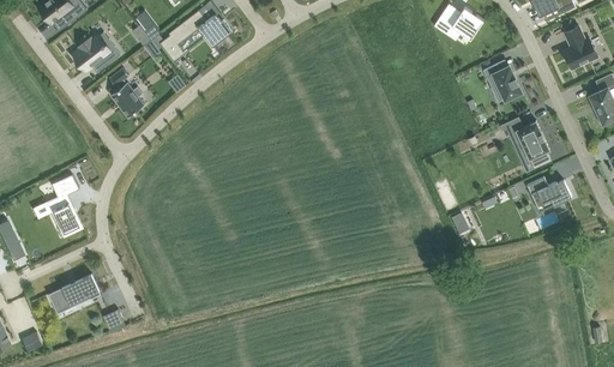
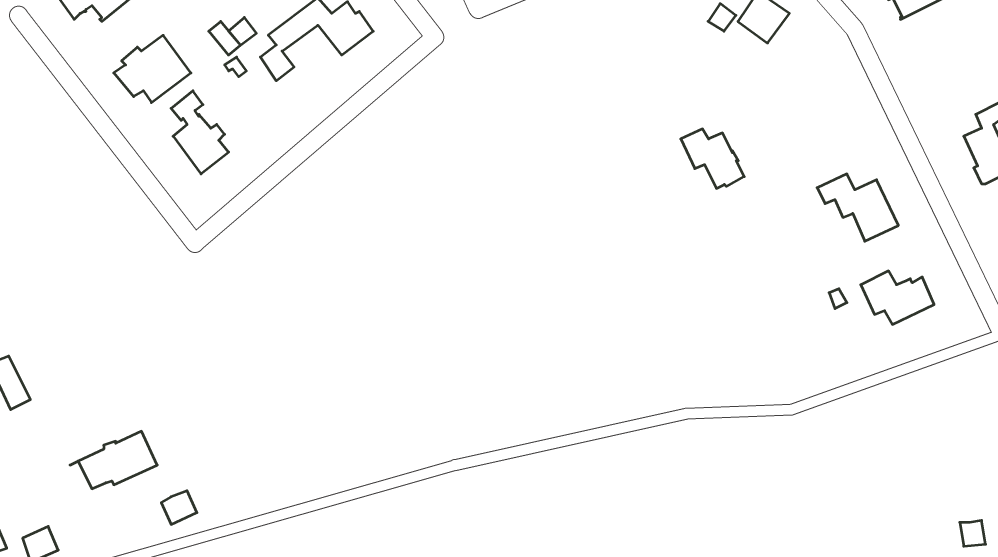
building: [562,26,597,70] -> none
building: [483,64,522,100] -> [681,129,744,188]
building: [47,174,80,233] -> none

